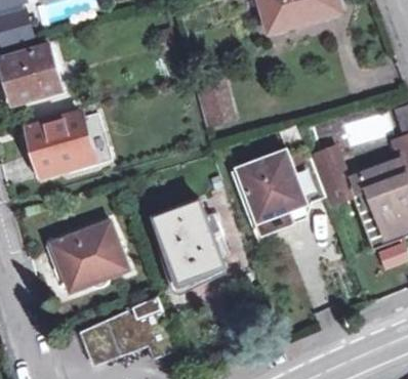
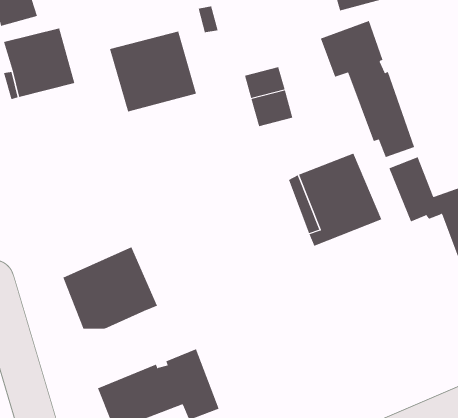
building: none -> [320,20,415,158]
building: [26,110,95,174] -> [109,31,197,112]
building: [156,199,225,280] -> none

